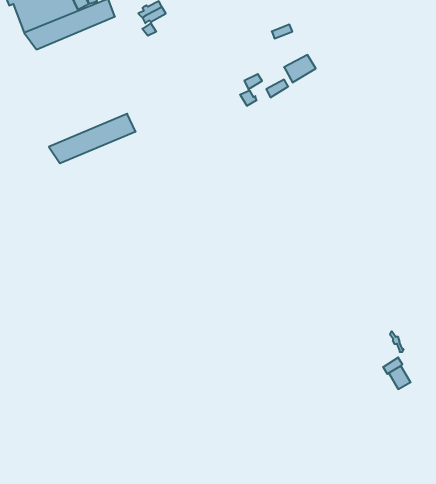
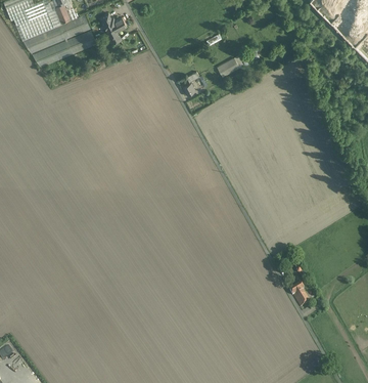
building: [49,114,136,163] -> [33,31,97,68]

